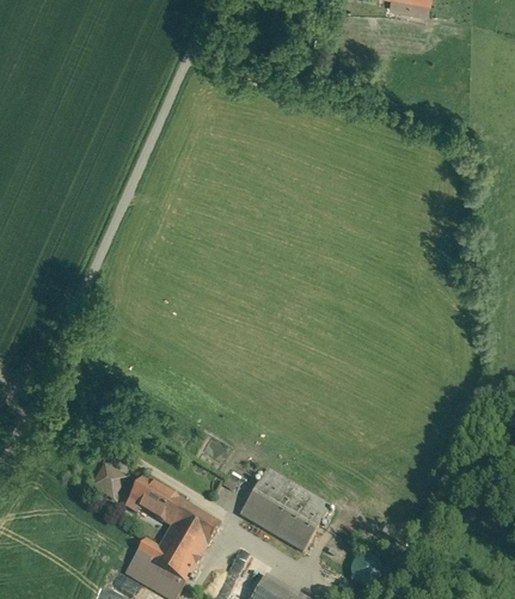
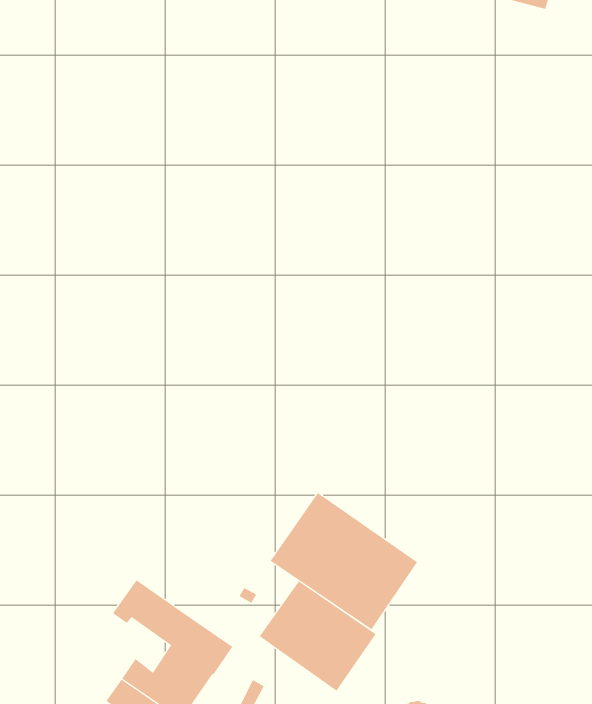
building: none -> [270,492,418,630]
building: [92,464,124,496] -> none

